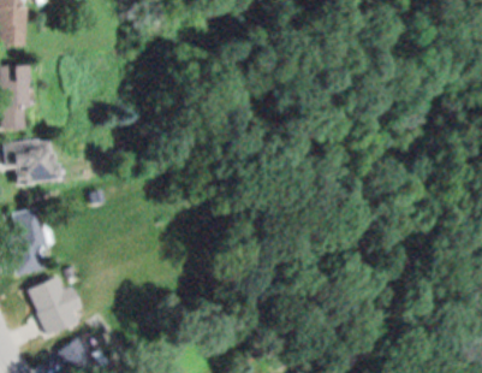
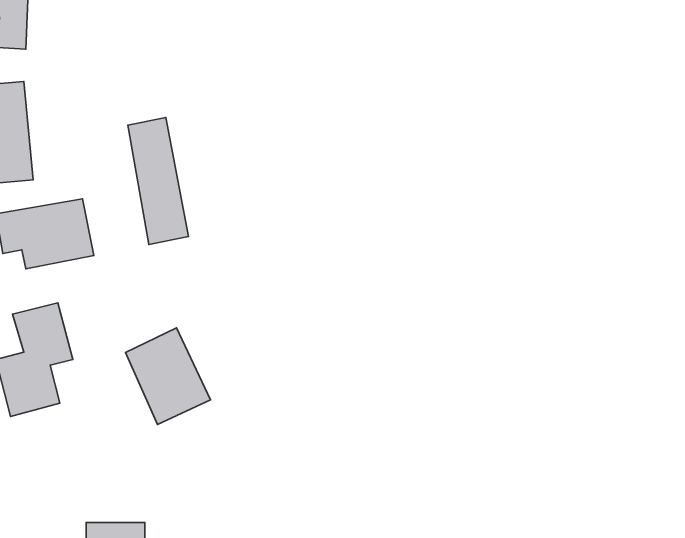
building: none -> [128,118,189,245]
building: [30,278,84,339] -> [125,328,211,424]

